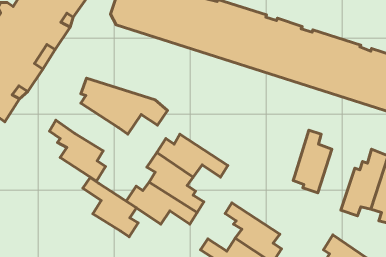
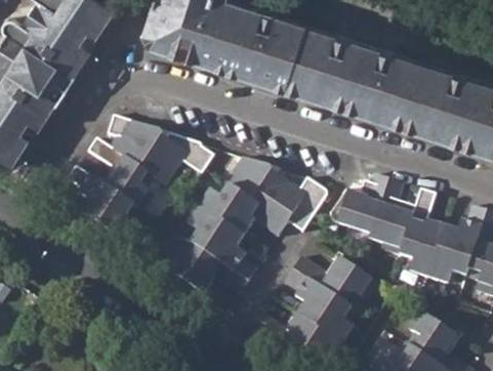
building: none -> [229,156,330,233]
building: none -> [327,173,388,235]
building: none -> [400,189,446,278]
building: [83,177,138,237] -> [86,137,155,211]
building: none -> [293,255,379,307]

